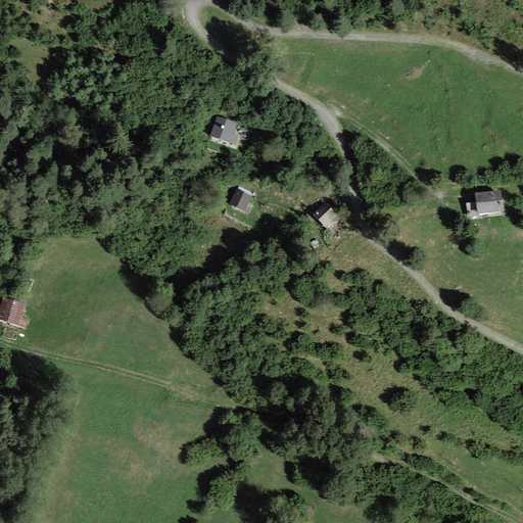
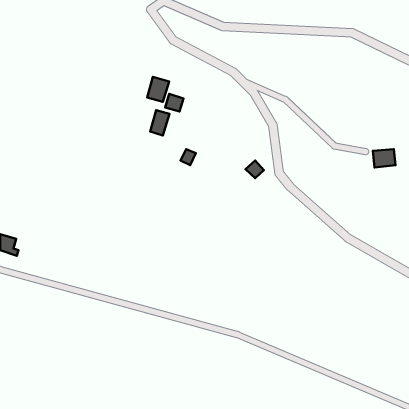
building: none -> [147,77,169,102]
building: none -> [150,110,169,135]

